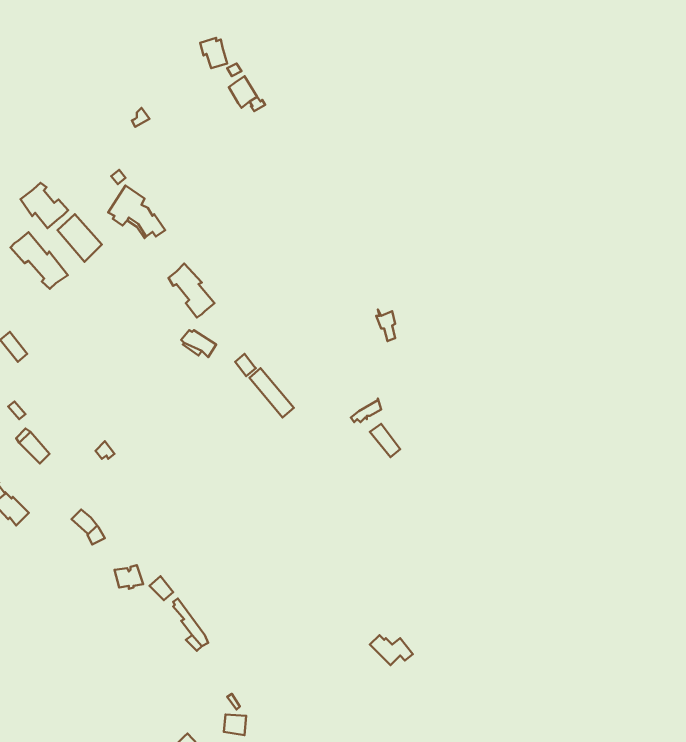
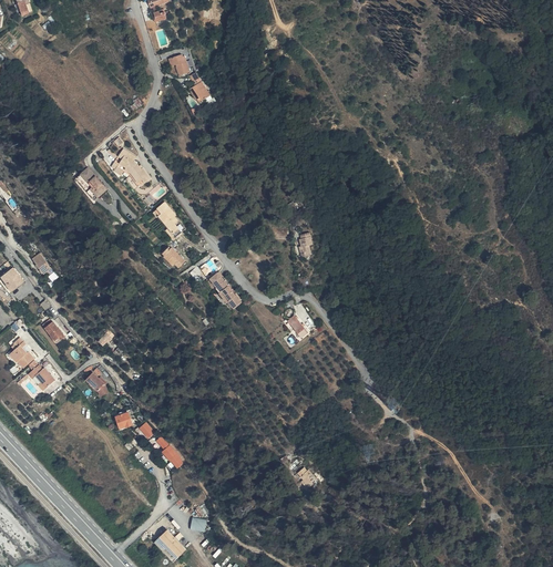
building: [21,183,68,228] -> none
building: [10,232,68,289] -> none

